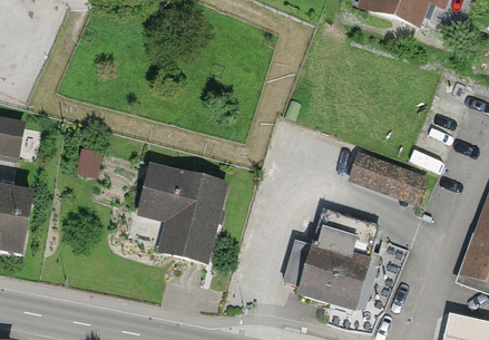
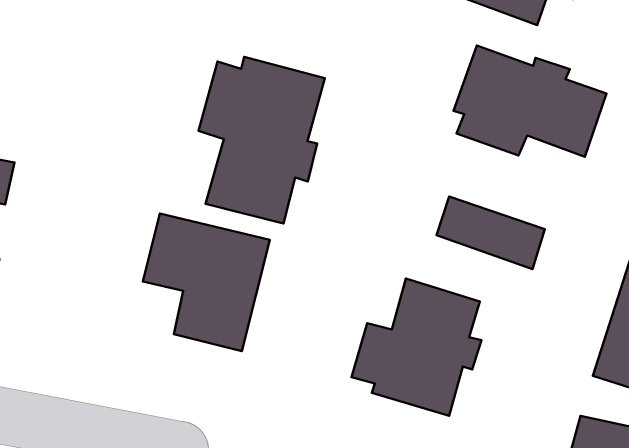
building: none -> [453,45,606,157]
building: none -> [199,57,325,223]

